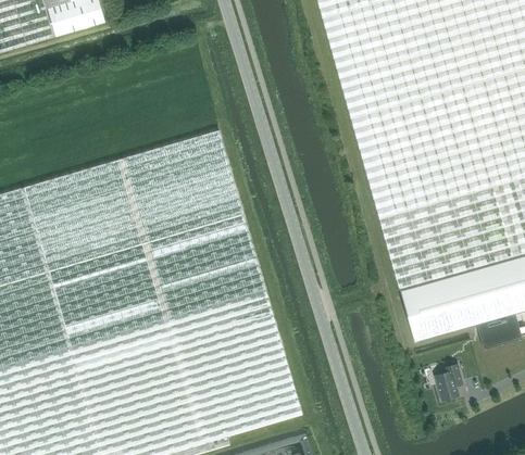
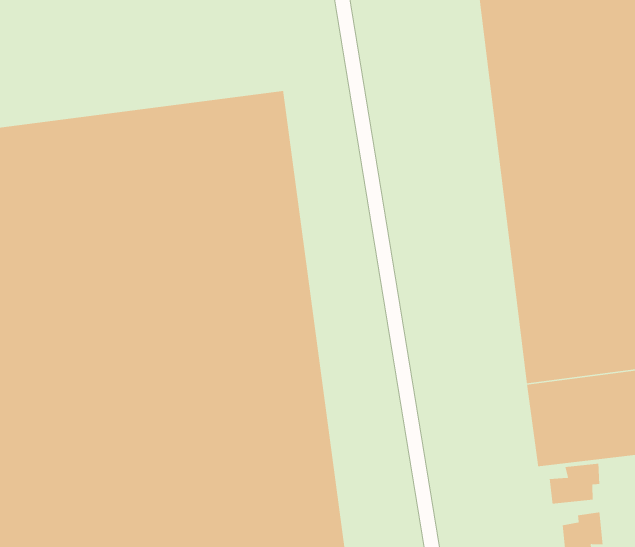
building: none -> [549,463,600,504]

